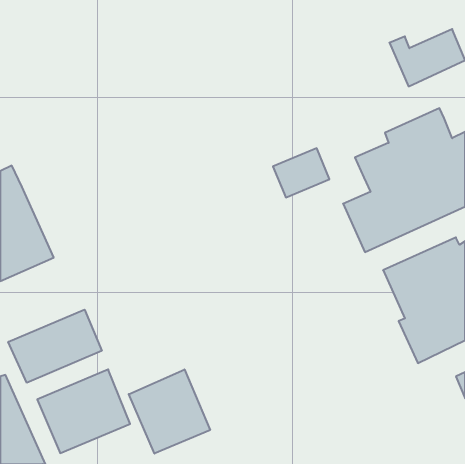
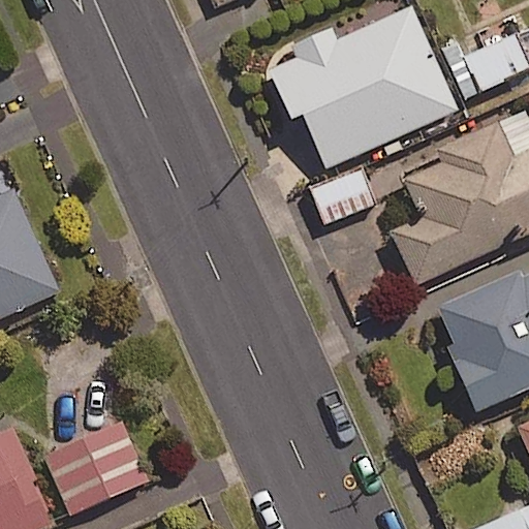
building: none -> [280,6,457,169]
building: [8,310,102,383] -> none
building: [129,369,210,454] -> none

